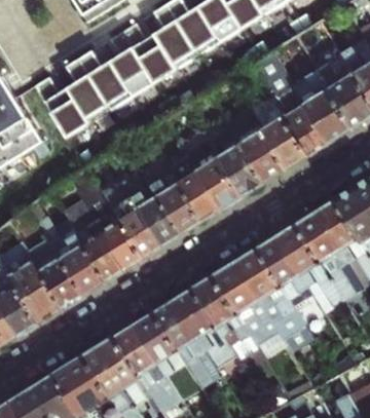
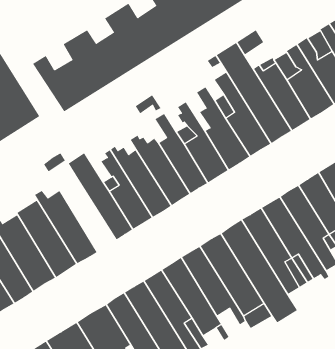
building: [61,206,122,282] -> none

